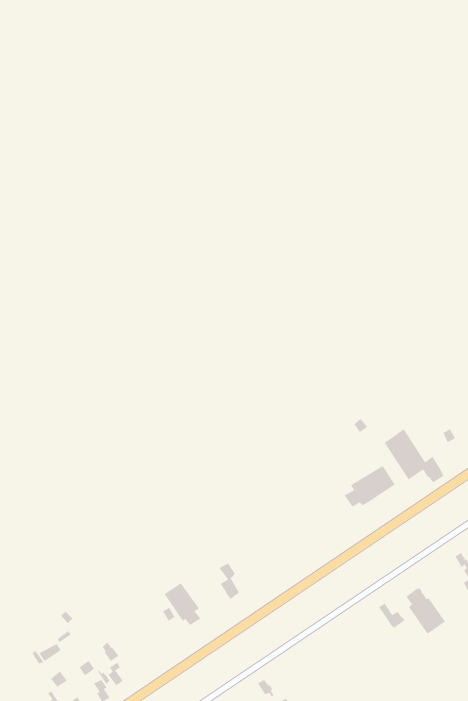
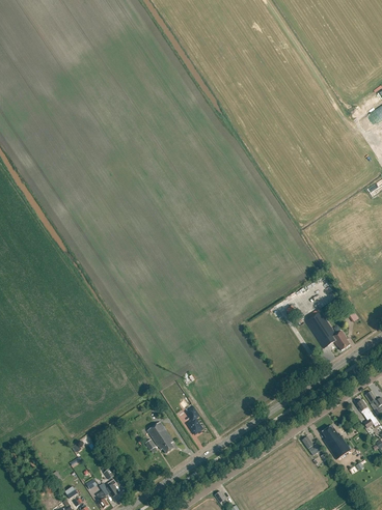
building: [344,465,396,508] -> none

